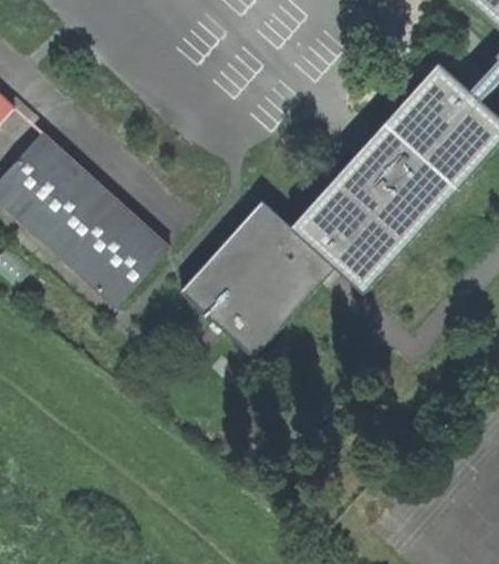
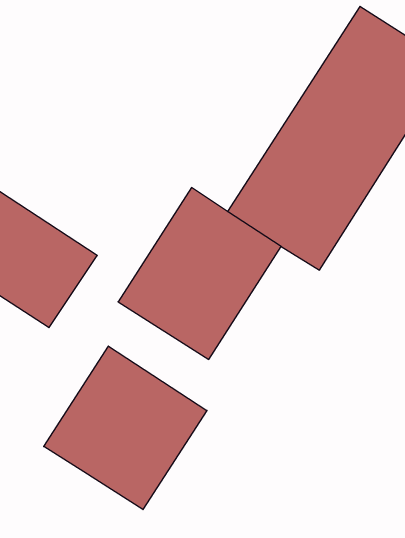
building: none -> [44,346,207,510]

